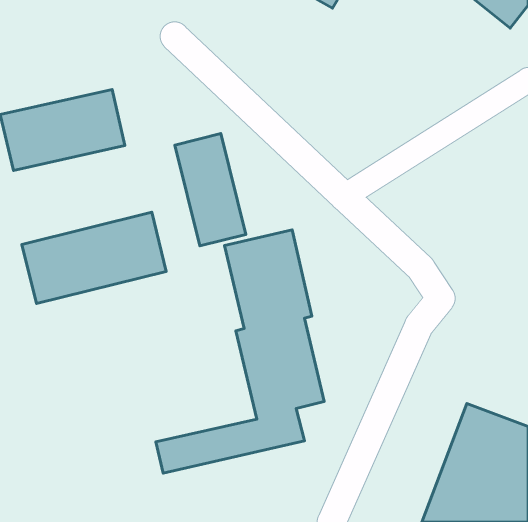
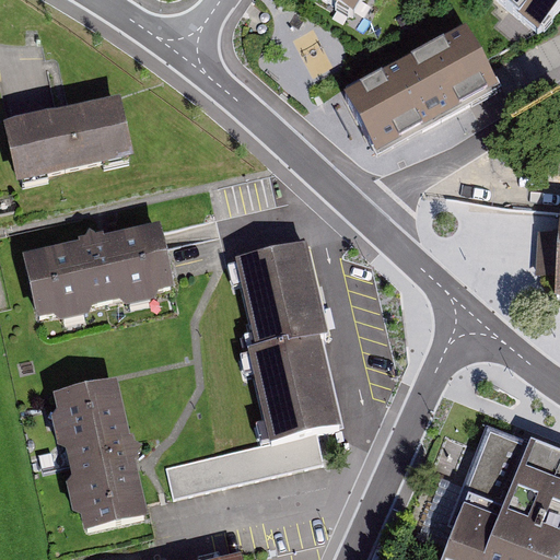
building: none -> [348,37,490,151]
building: [175,134,246,246] -> none
building: none -> [47,380,148,527]

